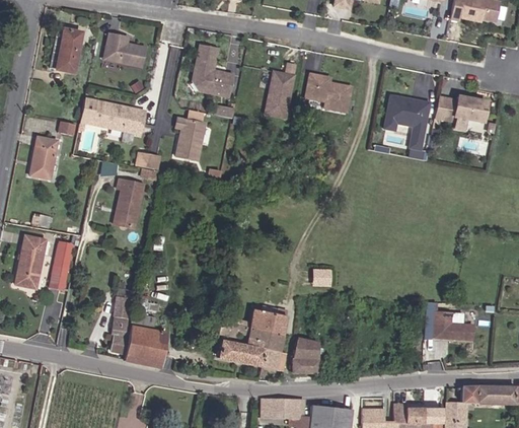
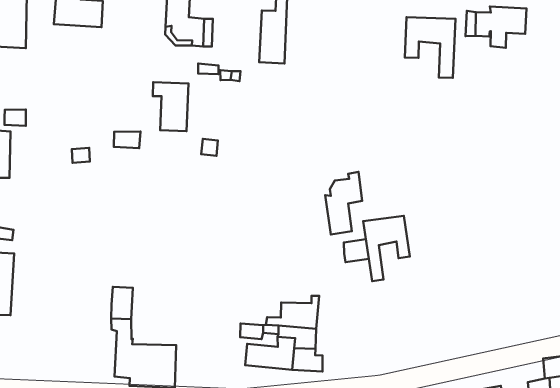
building: [305,73,352,113] -> none
building: [91,100,145,134] -> none
building: [116,180,143,227] -> none
building: none -> [325,172,362,235]
building: [49,244,73,294] -> none
building: none -> [363,216,410,281]
building: [434,312,472,341] -> none
building: [290,340,317,373] -> none

